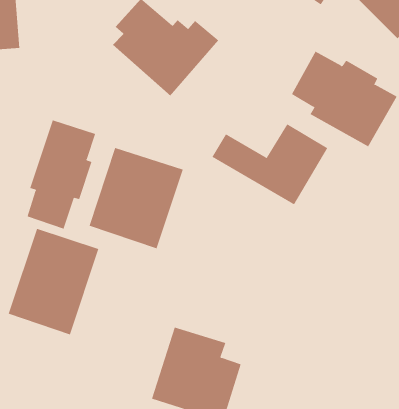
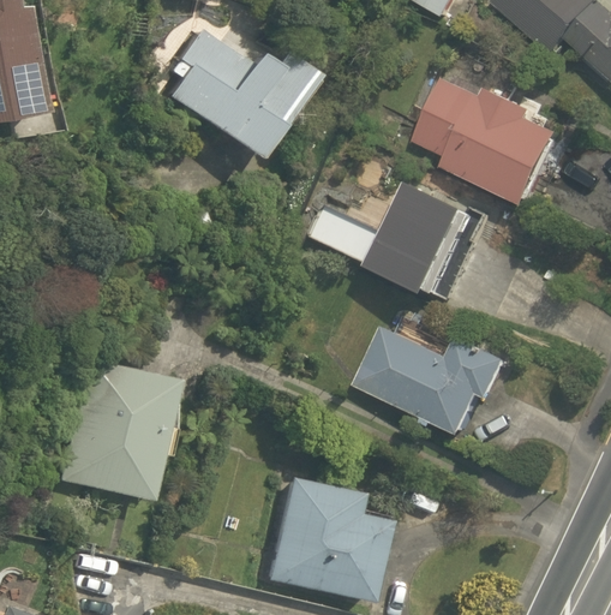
building: [27,120,96,230] -> none
building: [89,147,183,249] -> none
building: none -> [359,328,515,437]

